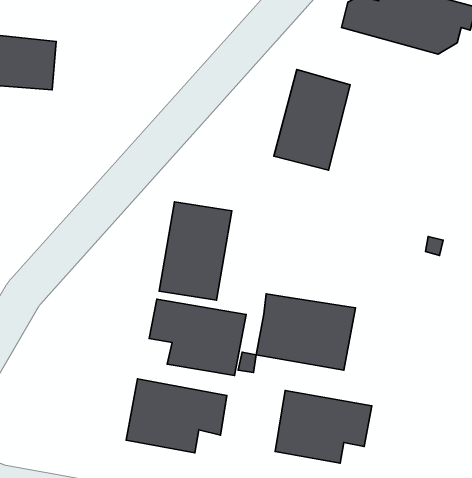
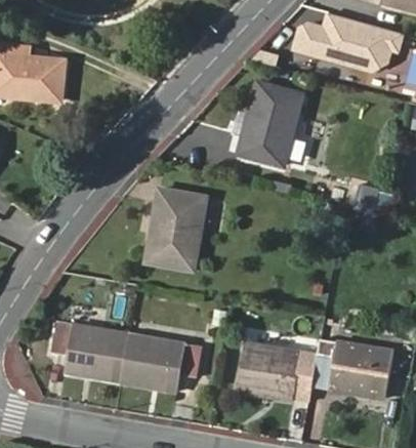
building: [256,294,355,370] -> [313,338,392,400]
building: [149,299,246,376] -> [52,321,130,382]

